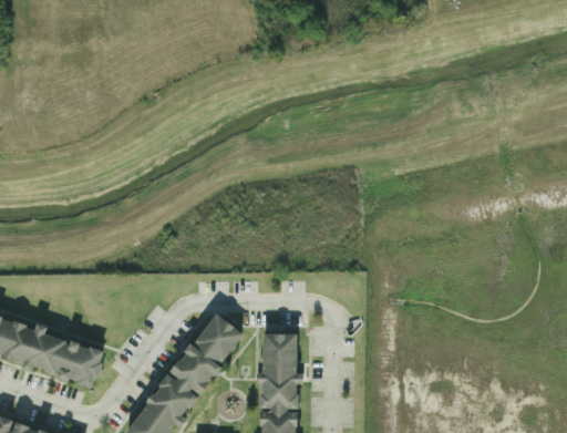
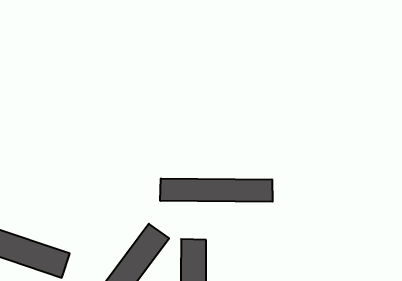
building: none -> [160,178,273,202]

